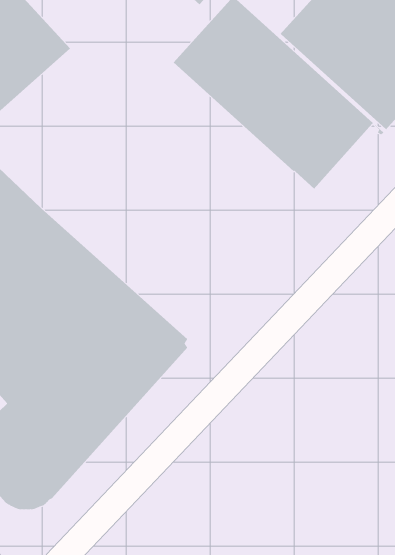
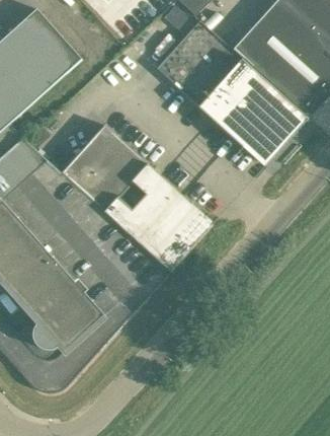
building: none -> [61,126,207,273]

